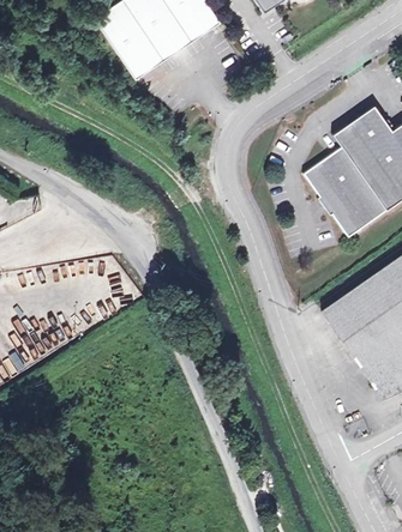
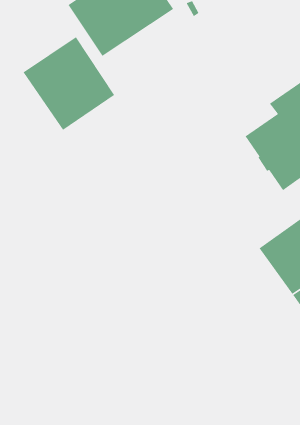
building: none -> [23,36,115,131]

